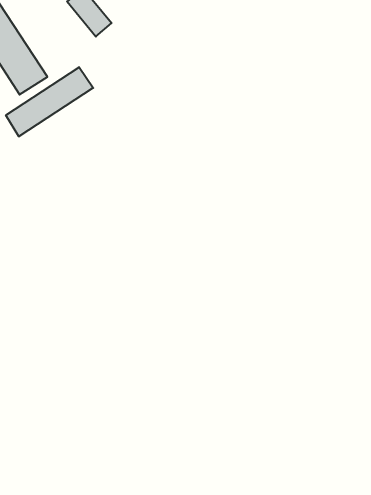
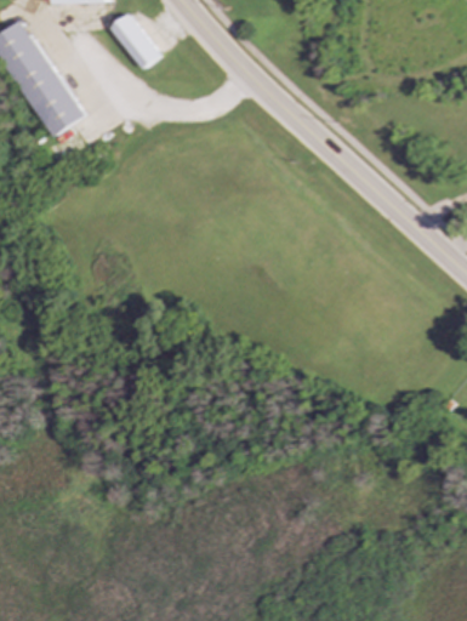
building: [6,67,93,137] -> none

